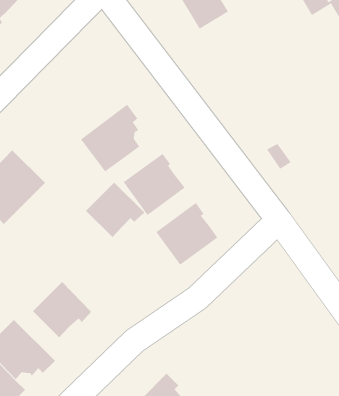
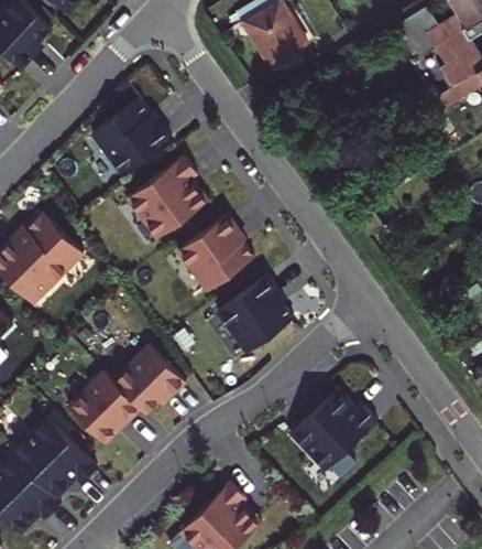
building: none -> [92,100,171,175]
building: [85,182,145,238] -> [113,346,186,415]
building: none -> [291,398,376,472]

